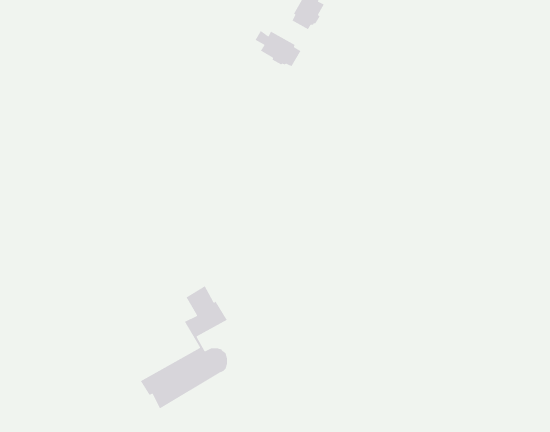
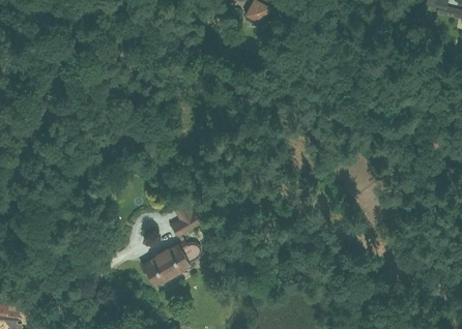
building: [255,30,302,67] -> none

